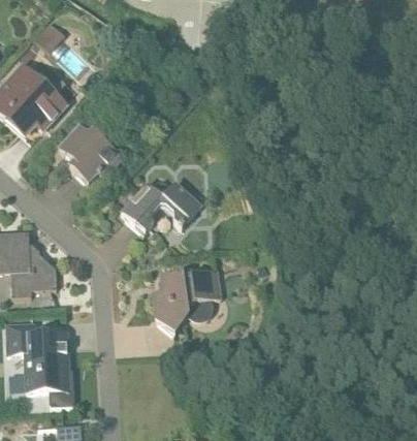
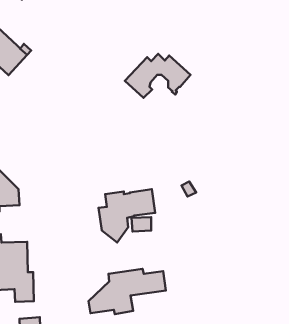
building: [59,126,121,183] -> none
building: [121,180,200,233] -> [125,54,190,98]
building: none -> [89,269,166,314]

